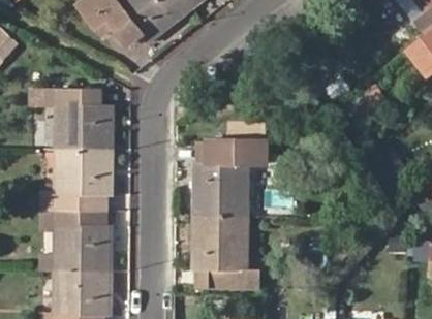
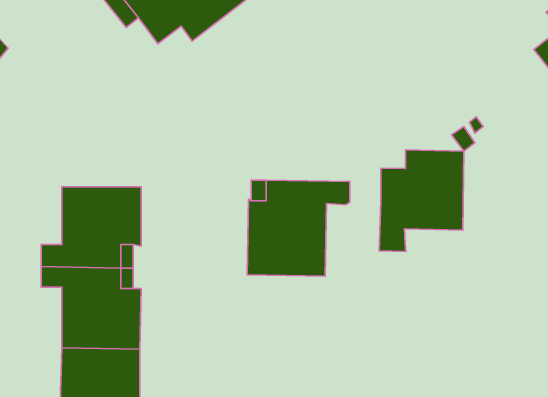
building: [32,93,114,151] -> none
building: none -> [379,150,464,251]
building: [191,217,264,287] -> none

